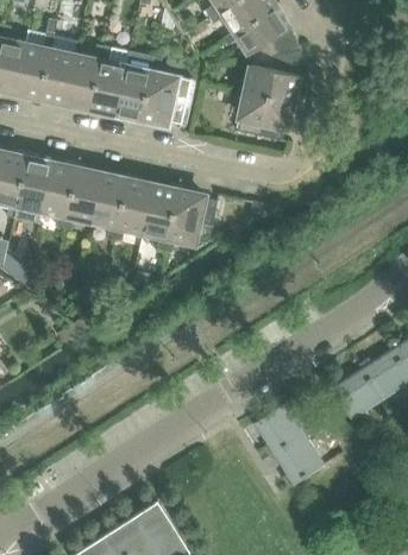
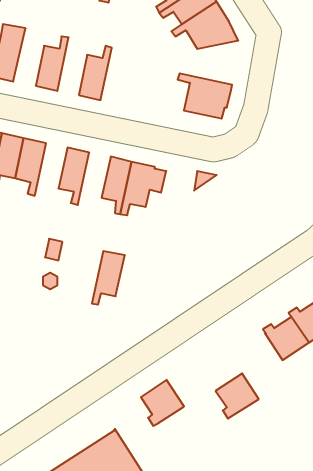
building: [39,36,75,102] -> none
building: [90,46,125,113] -> none
building: [232,50,300,101] -> none
building: [140,58,195,126] -> none
building: [64,169,102,231] -> none
building: [114,179,152,241] -> [92,251,125,305]
building: [255,404,305,458] -> [141,380,184,426]

